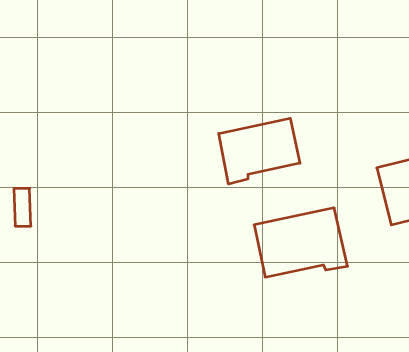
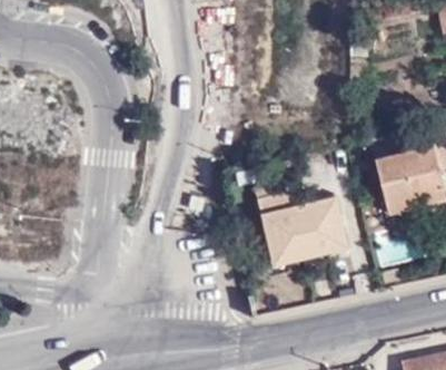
building: [219,118,300,184] -> none

